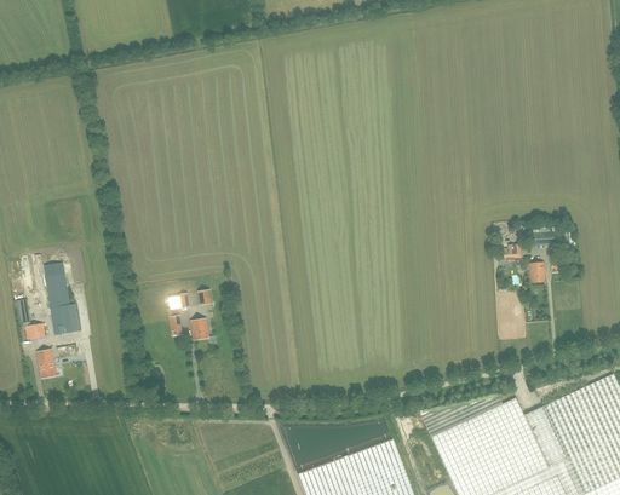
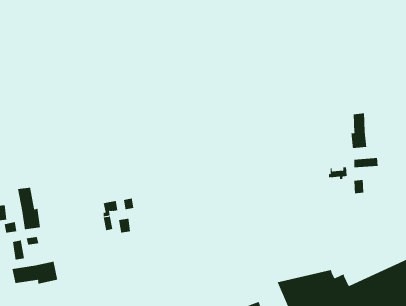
building: none -> [351,112,367,149]
building: none -> [12,261,58,284]

